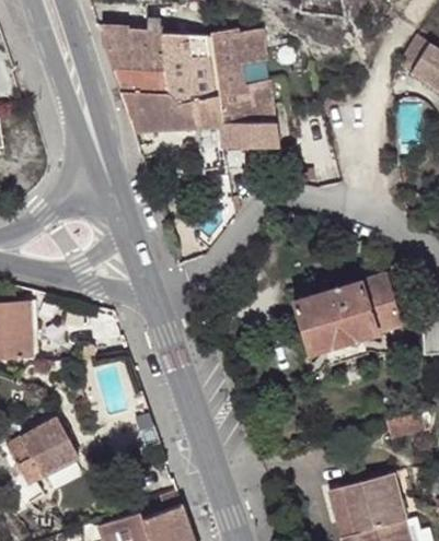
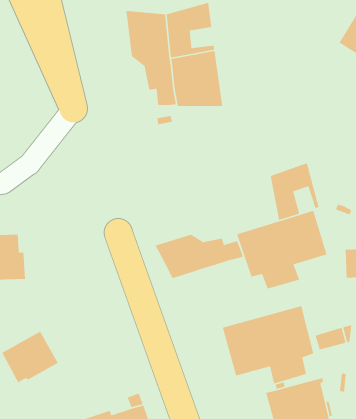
building: [102,25,187,131] -> none
building: none -> [270,162,320,221]
building: none -> [155,234,244,279]
building: none -> [222,305,314,385]

